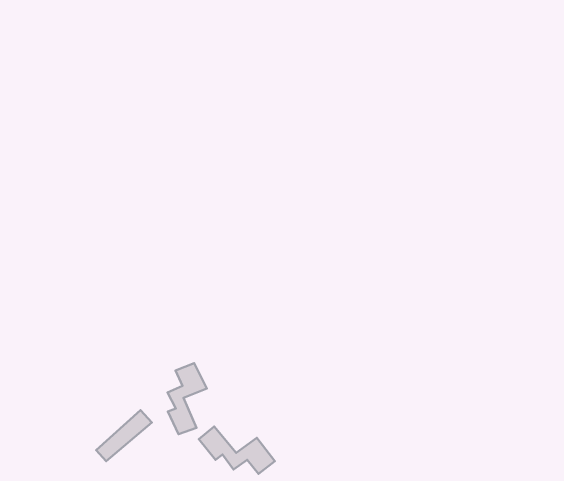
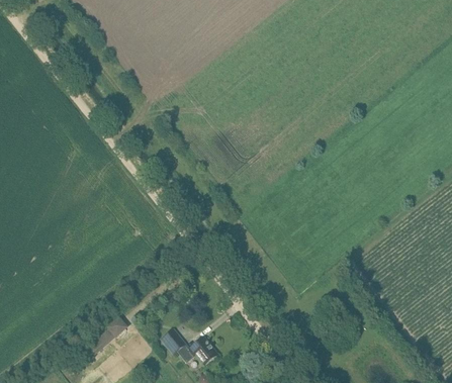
building: [167,363,207,434] -> none

